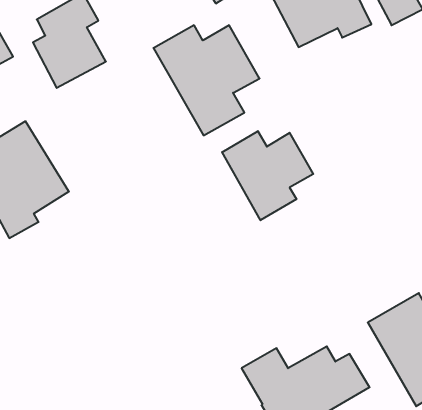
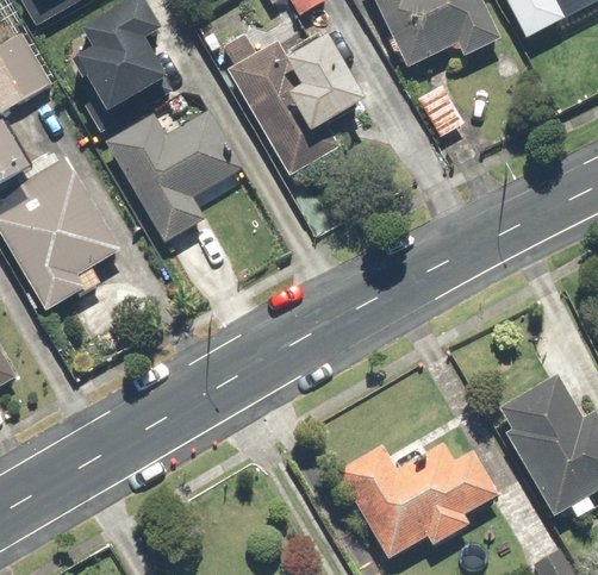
building: none -> [105,108,243,242]
building: [222,131,313,220] -> none

